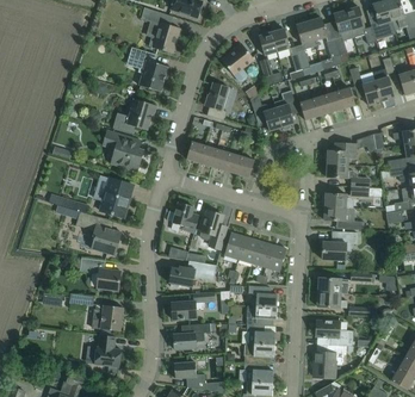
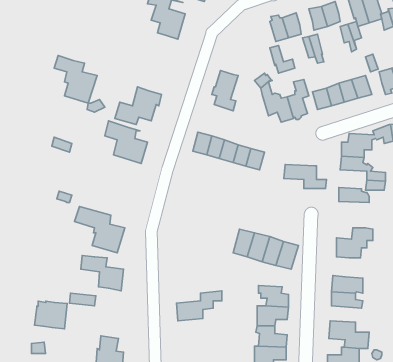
building: [222,43,254,75] -> none
building: [128,46,168,92] -> [54,55,97,103]
building: [99,178,132,217] -> none
building: [172,201,199,232] -> none
building: [323,206,364,229] -> [284,165,327,188]
building: [200,210,225,249] -> none
building: [169,261,216,287] -> none
building: [92,304,123,330] -> [34,301,67,329]
building: [173,323,210,349] -> none

